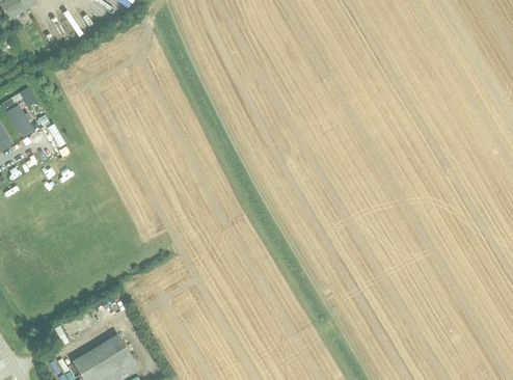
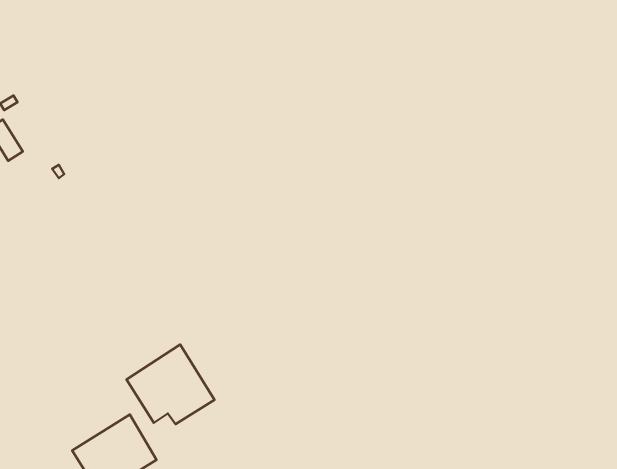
building: none -> [127,345,214,424]

